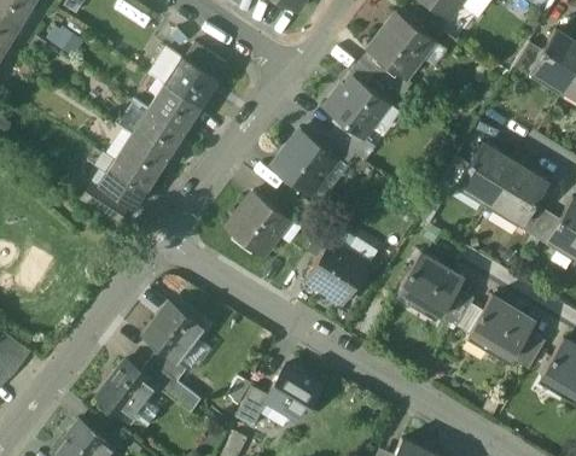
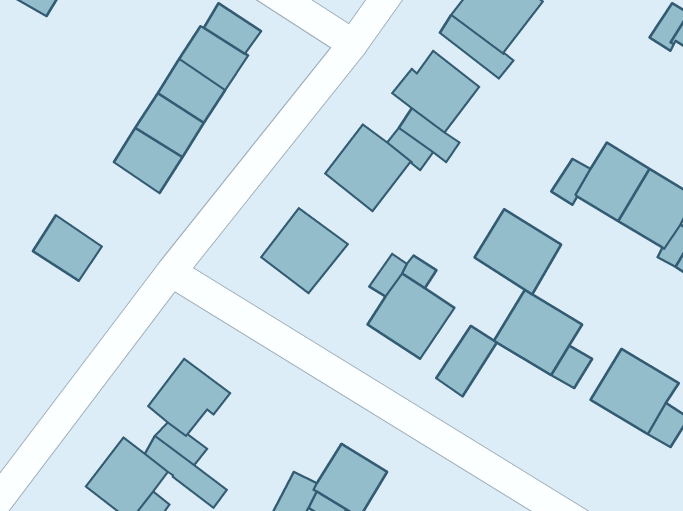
building: [101,159,152,207] -> [33,215,102,281]
building: none -> [475,209,561,294]
building: none -> [436,326,497,397]

